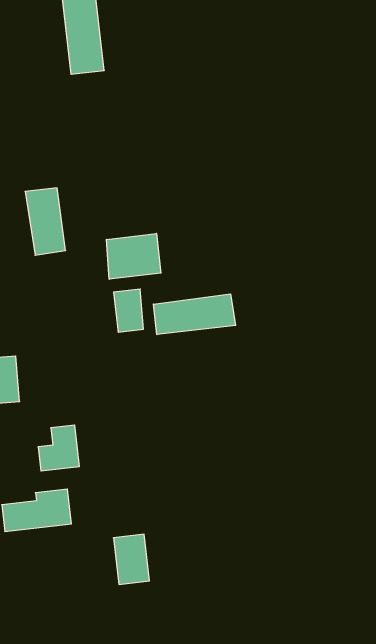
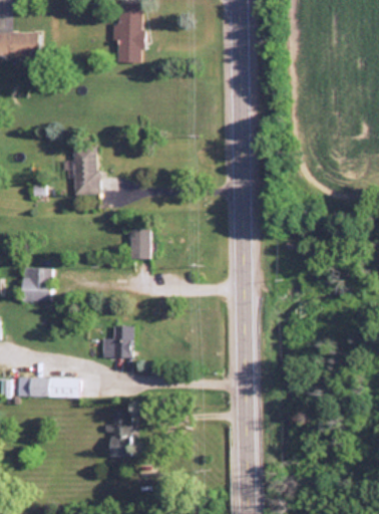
building: [106,233,161,279] -> none
building: [153,294,236,335] -> none
building: [38,425,79,471] -> [103,326,132,357]

